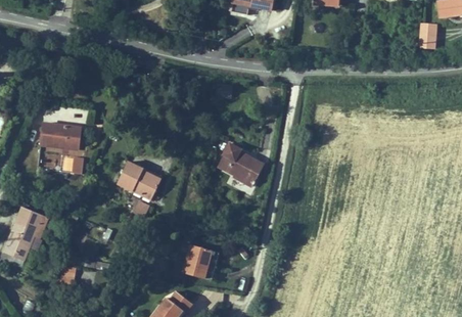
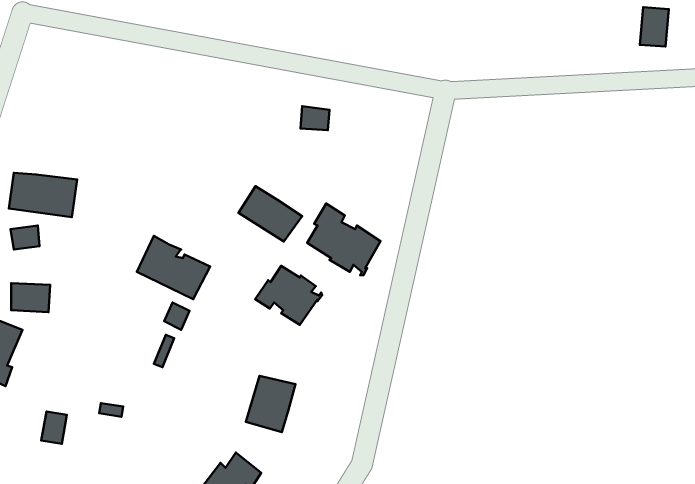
building: none -> [238,186,302,241]
building: [61,157,85,175] -> [11,283,50,312]
building: none -> [255,266,322,325]

